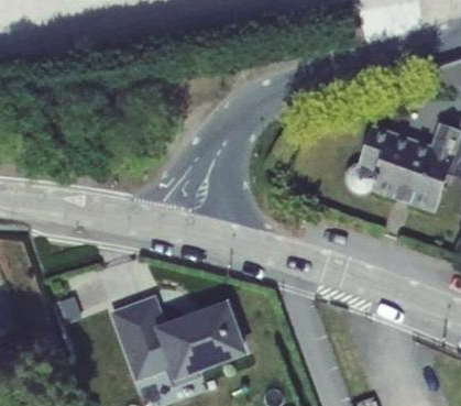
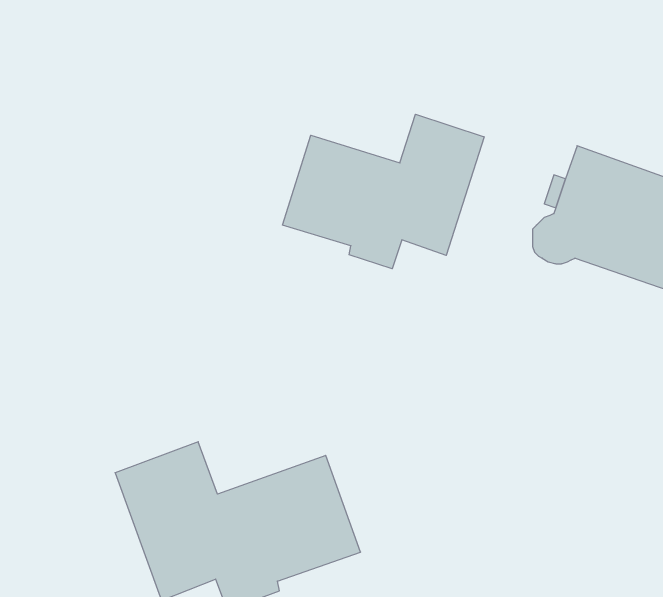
building: none -> [282,114,484,269]

